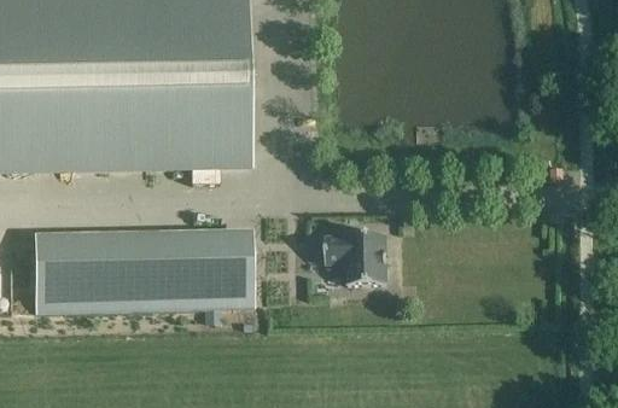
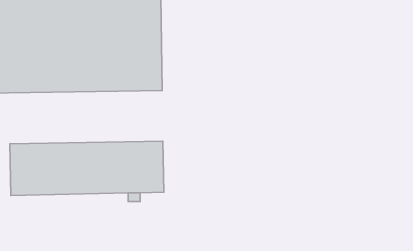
building: [325,228,386,279] -> none

